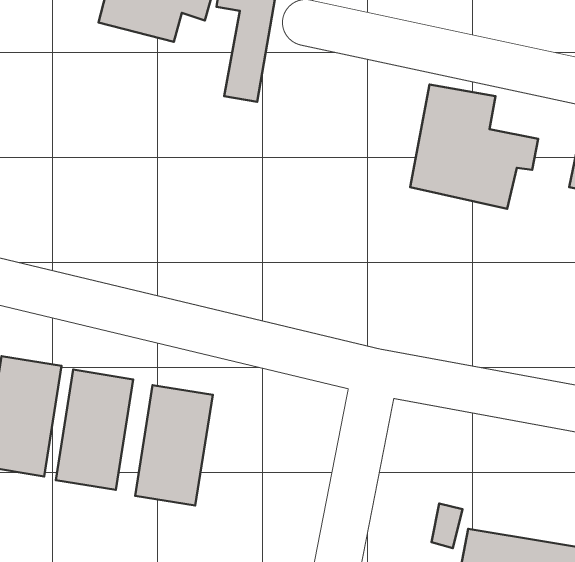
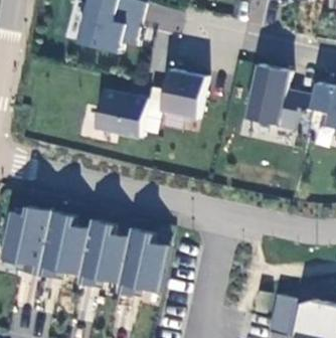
building: none -> [162,65,207,116]
building: none -> [106,92,150,133]
building: none -> [131,229,170,292]

